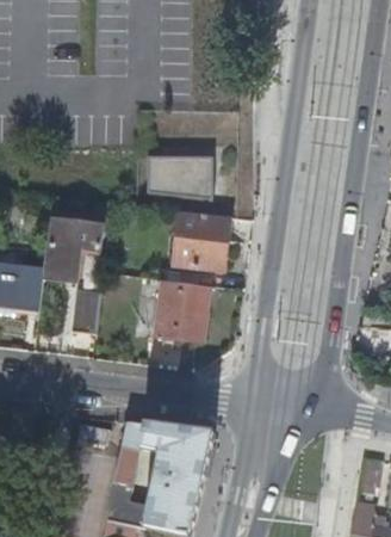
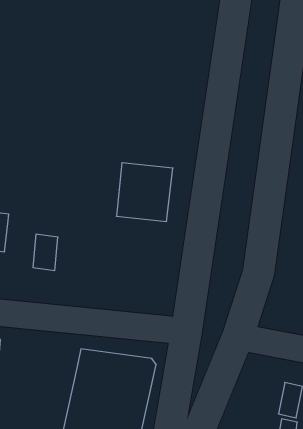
building: [145,156,212,203] -> none
building: [44,217,106,283] -> none
building: [159,279,211,341] -> none

